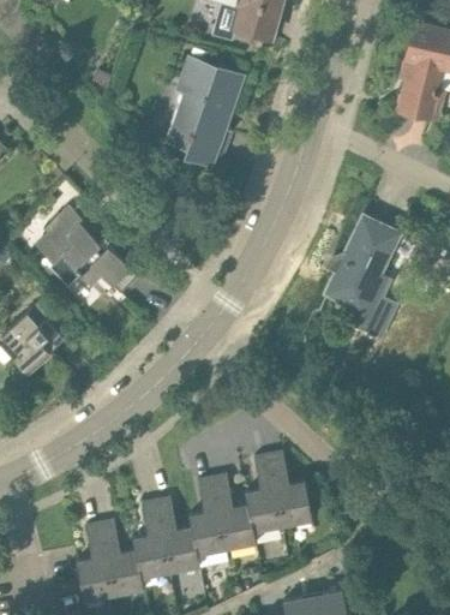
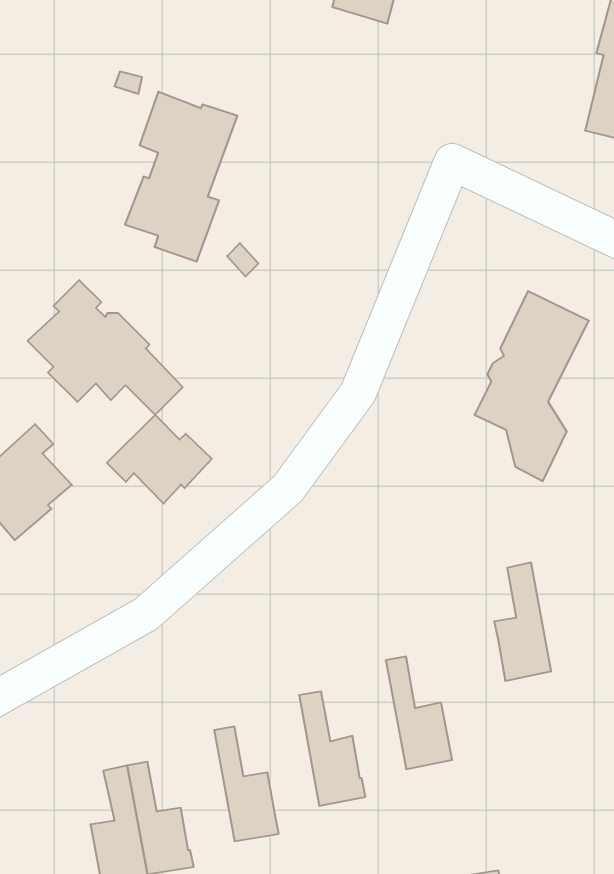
building: [166,56,239,167] -> [125,92,237,261]
building: none -> [107,415,212,504]
building: [245,454,282,531] -> [494,562,551,681]
building: [190,477,226,555] -> none
building: [133,500,170,578] -> none

